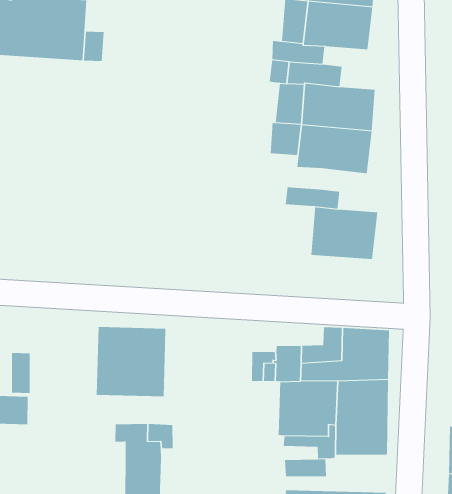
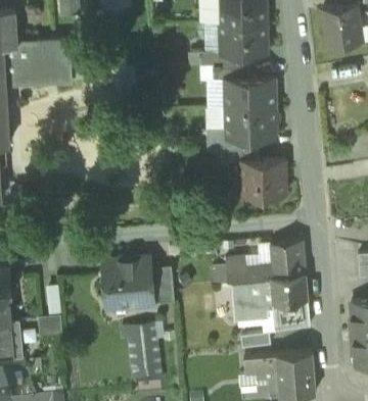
building: none -> [206,129,243,151]
building: none -> [150,266,174,304]

